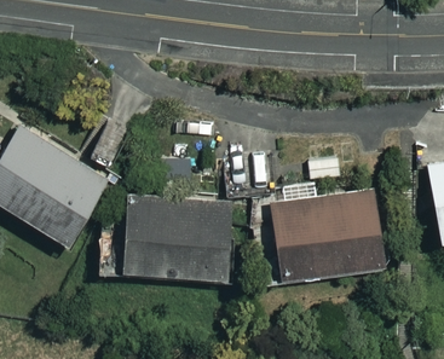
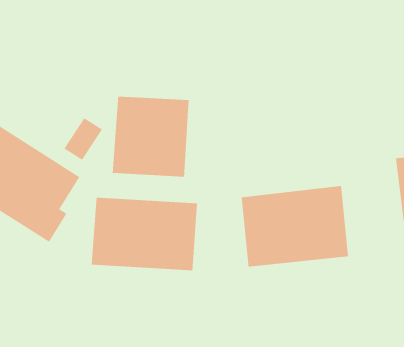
building: none -> [112,96,189,177]

